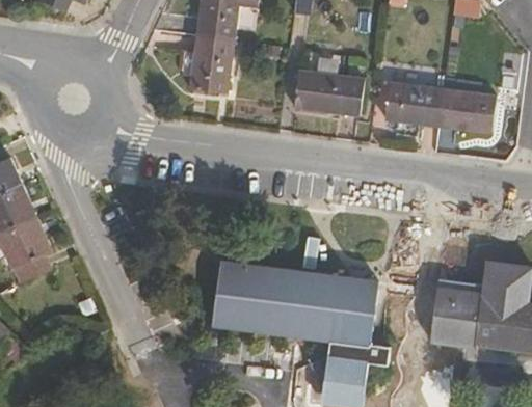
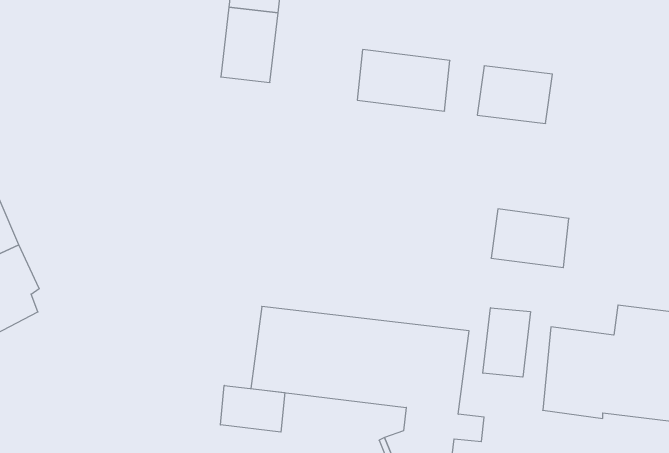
building: [436,87,496,132] -> [491,209,569,268]
building: none -> [483,308,530,377]
building: none -> [220,385,285,432]

